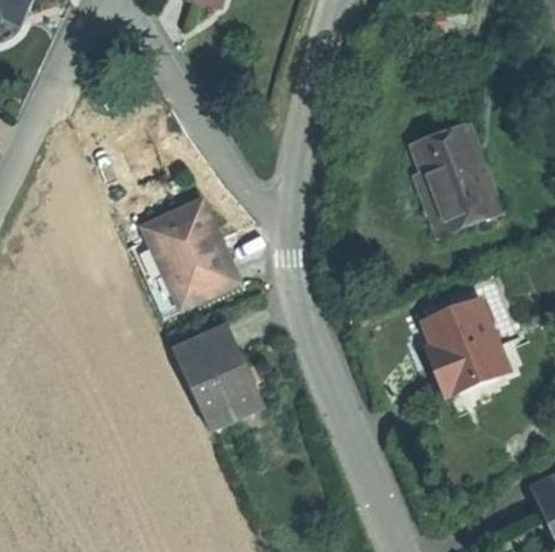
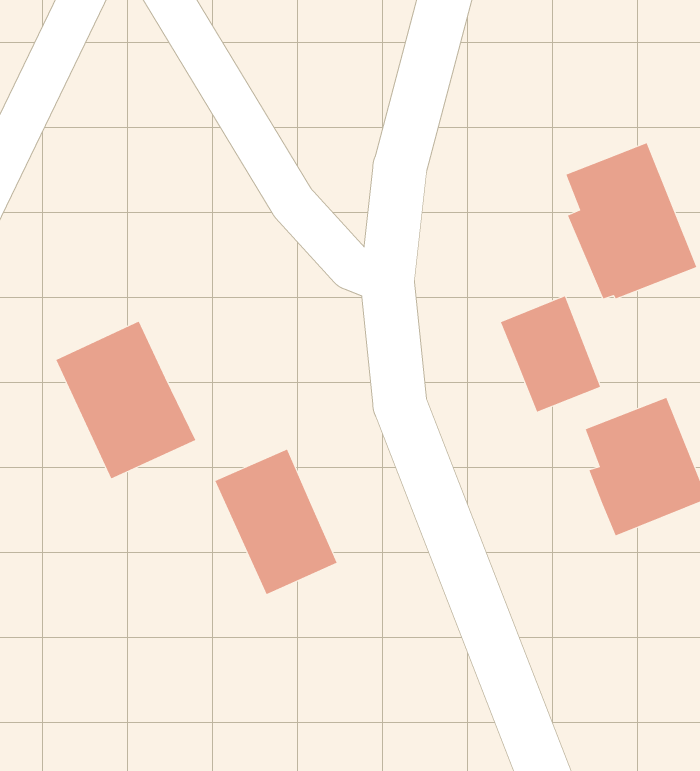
building: [143,203,239,311] -> [56,321,196,479]
building: none -> [500,295,601,412]

